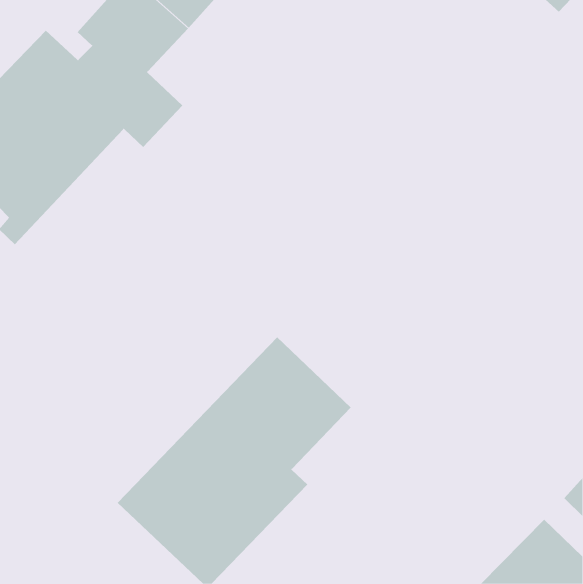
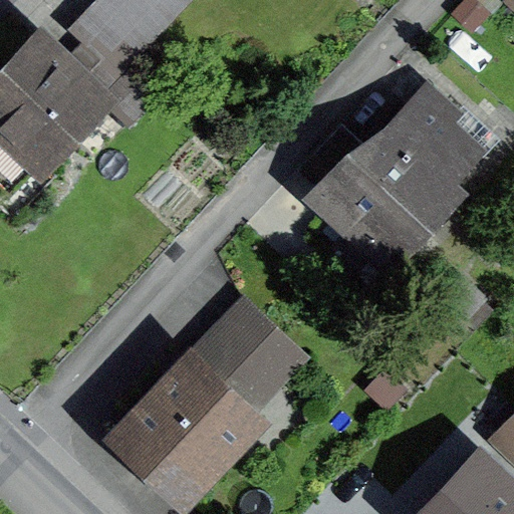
building: none -> [303,71,489,279]

